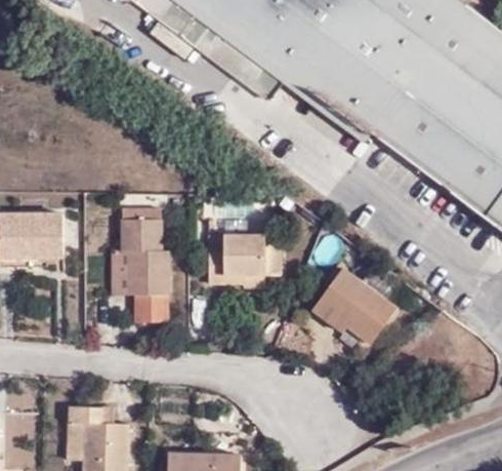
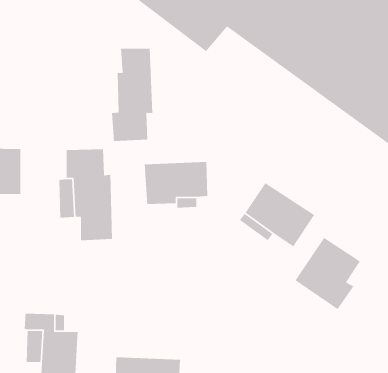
building: none -> [111,48,153,142]
building: none -> [295,237,361,310]

